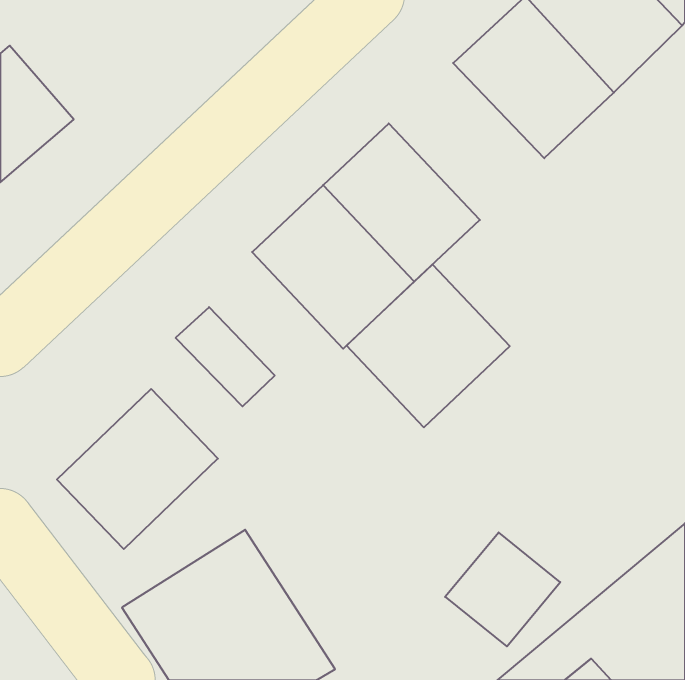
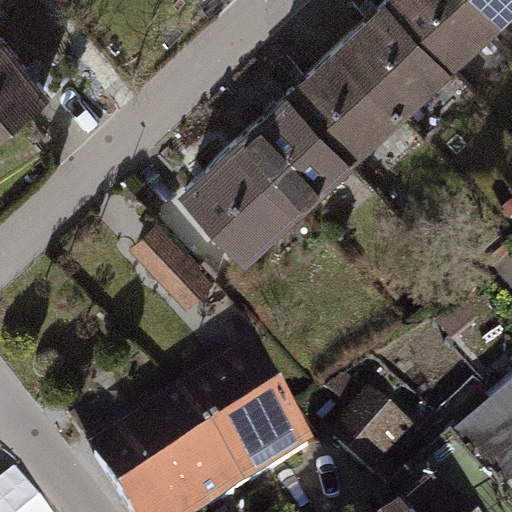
building: none -> [290,47,406,164]
building: [347,265,510,427] -> none
building: [57,389,218,549] -> none
building: none -> [183,349,321,499]

